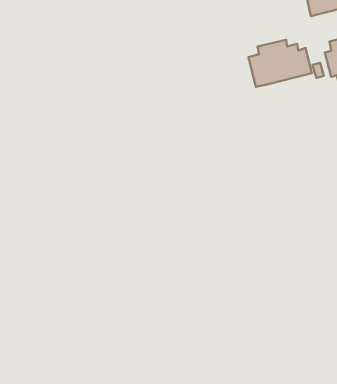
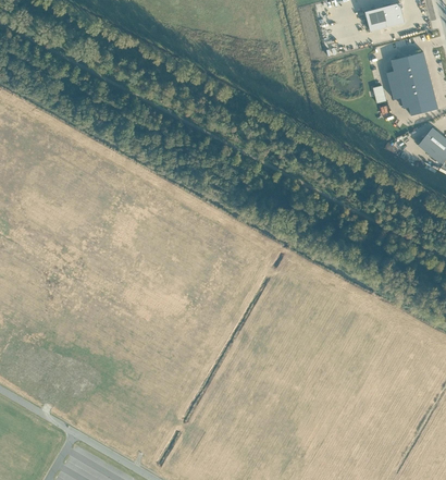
building: [248,40,312,87] -> none

